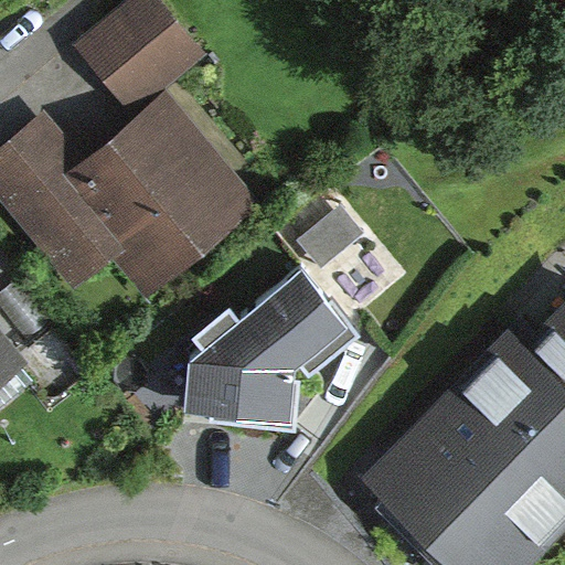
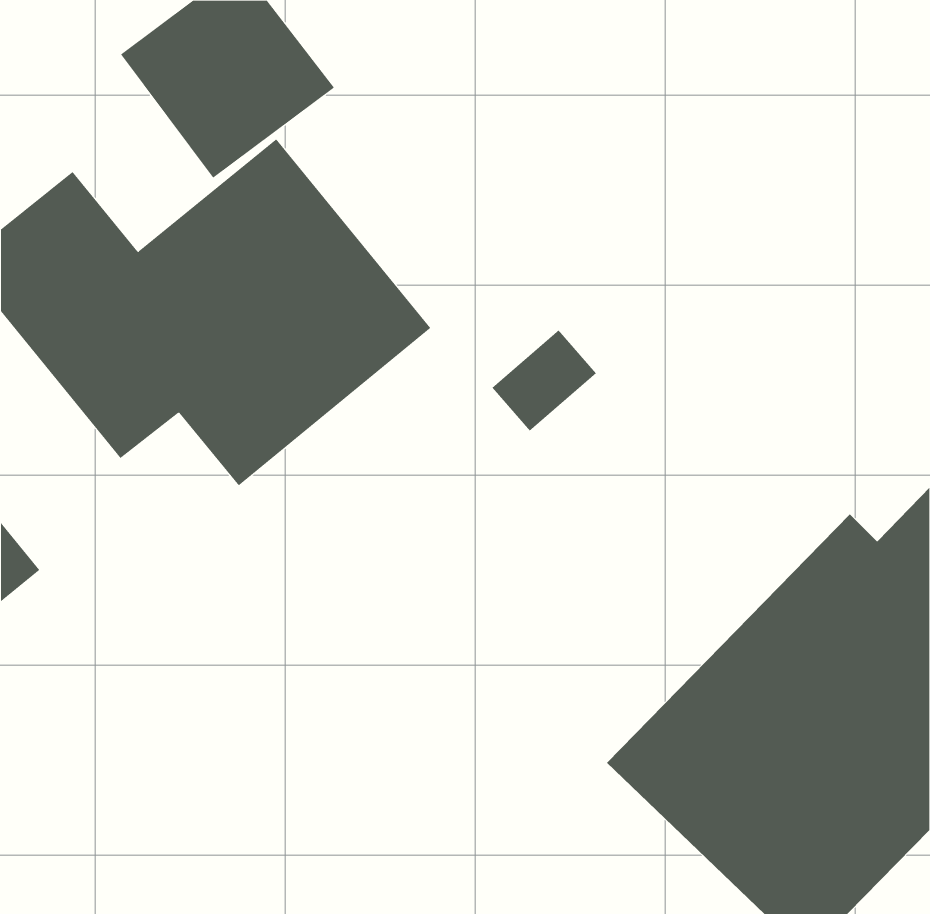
building: [185,265,356,430] -> none

